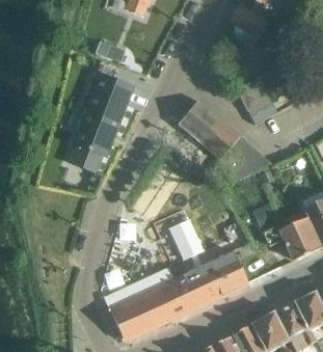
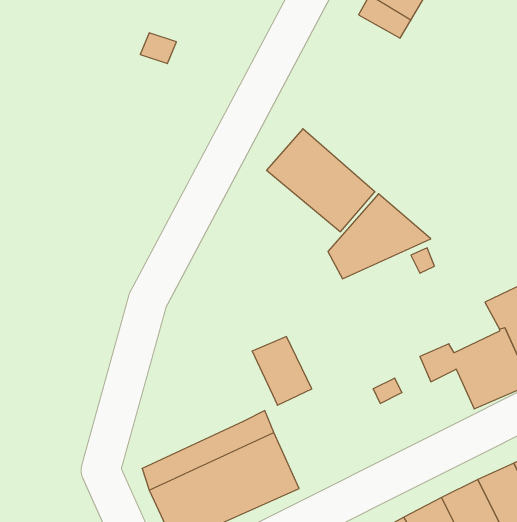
building: [70,72,131,171] -> none
building: [237,82,276,125] -> none
building: [180,251,246,307] -> none

